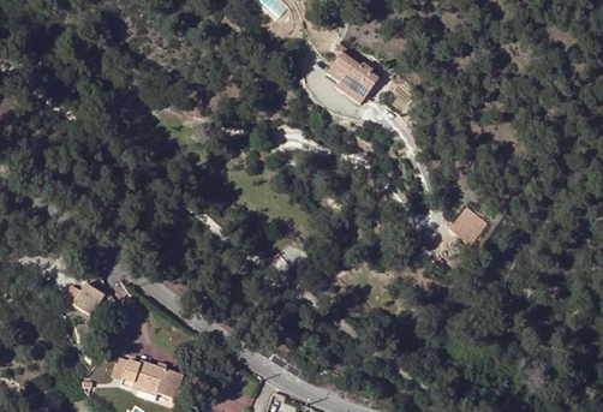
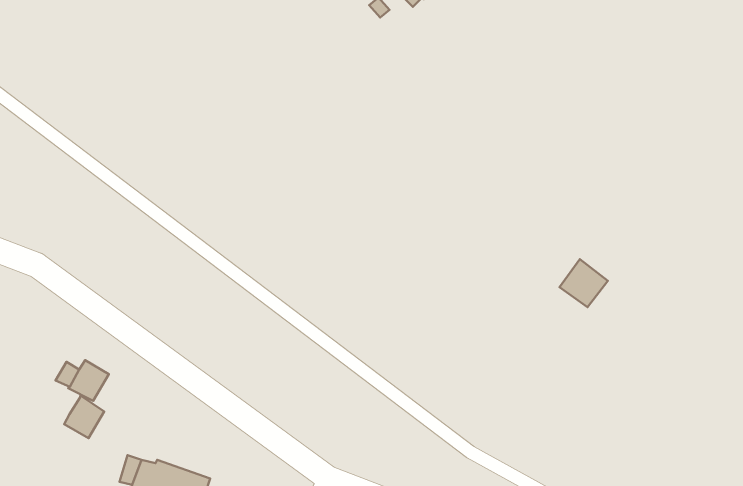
building: [327,48,378,102] -> none
building: none -> [64,396,104,438]

